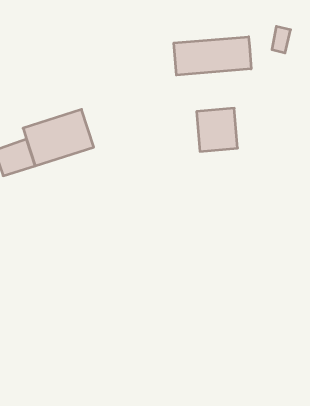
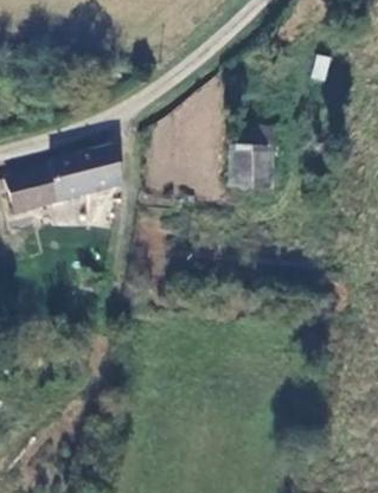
building: [174,37,251,75] -> none

